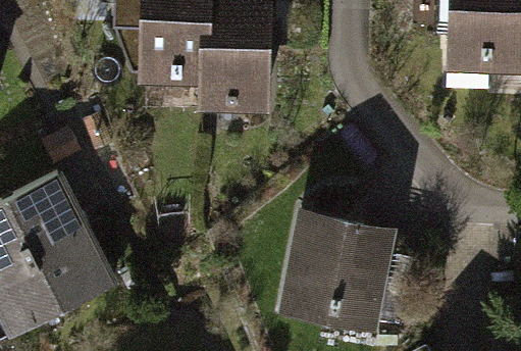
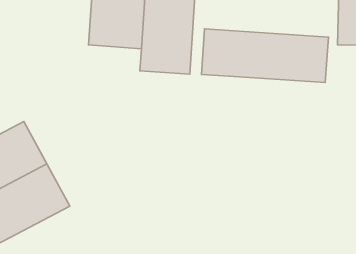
building: none -> [201,29,328,83]
building: [281,212,399,333] -> none

